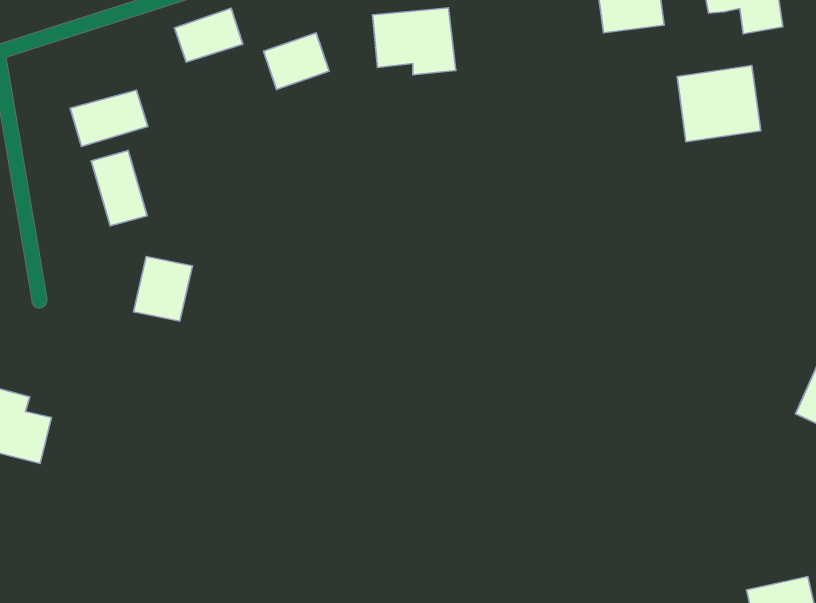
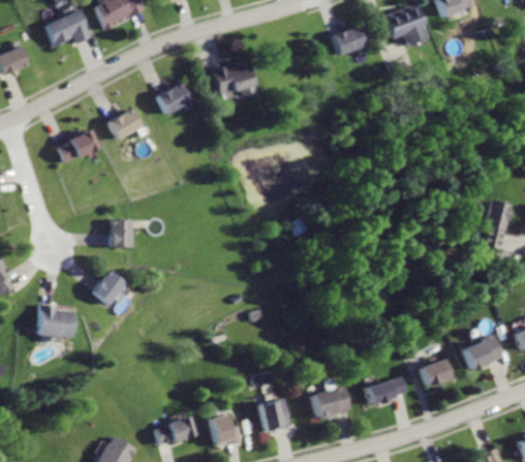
building: [174,8,243,62] -> [110,107,148,141]
building: [677,66,761,142] -> none
building: [91,151,147,226] -> none
building: none -> [90,270,128,309]

